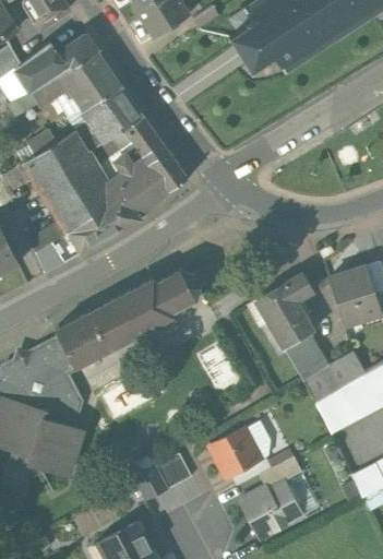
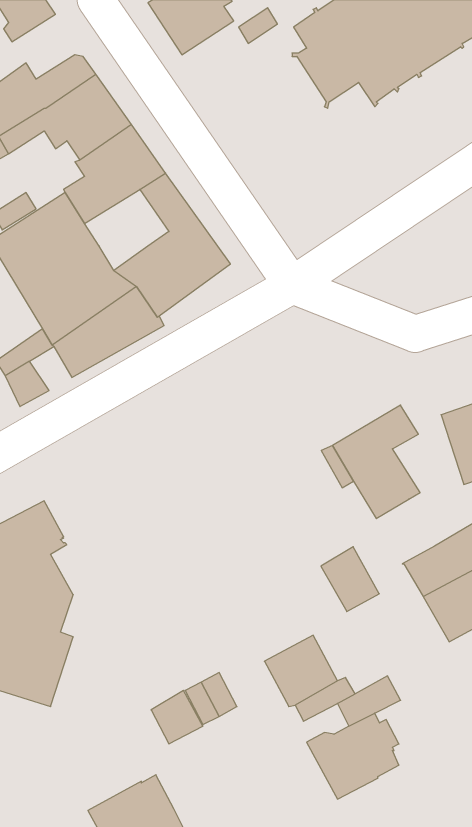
building: [89,128,146,166] -> none
building: [57,266,206,368] -> none
building: [286,336,325,380] -> [321,547,379,612]

